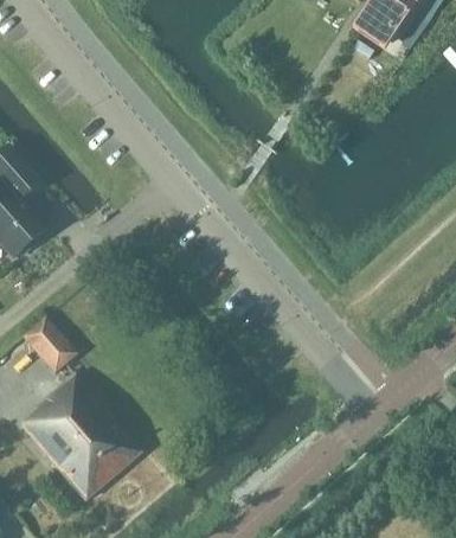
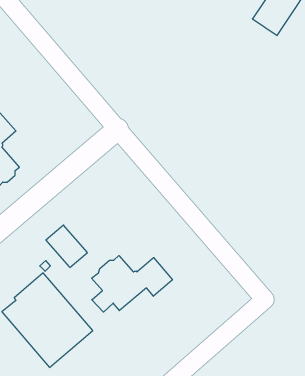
building: [20,315,76,372] -> [46,225,87,267]
building: none -> [92,256,172,312]

